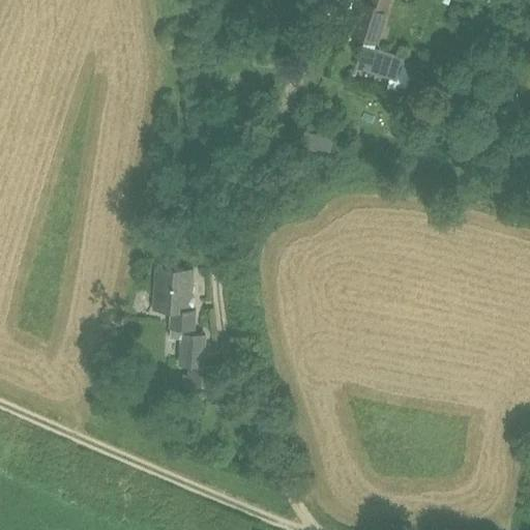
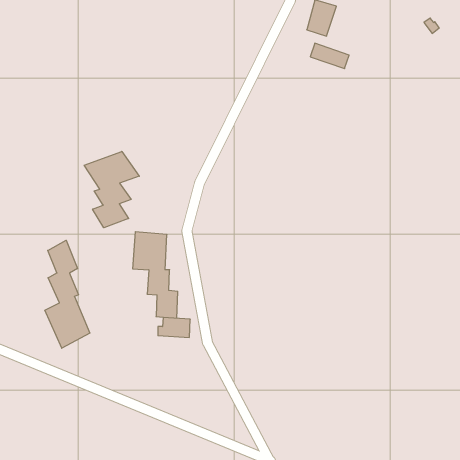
building: none -> [84,151,139,228]
building: none -> [45,240,90,348]

